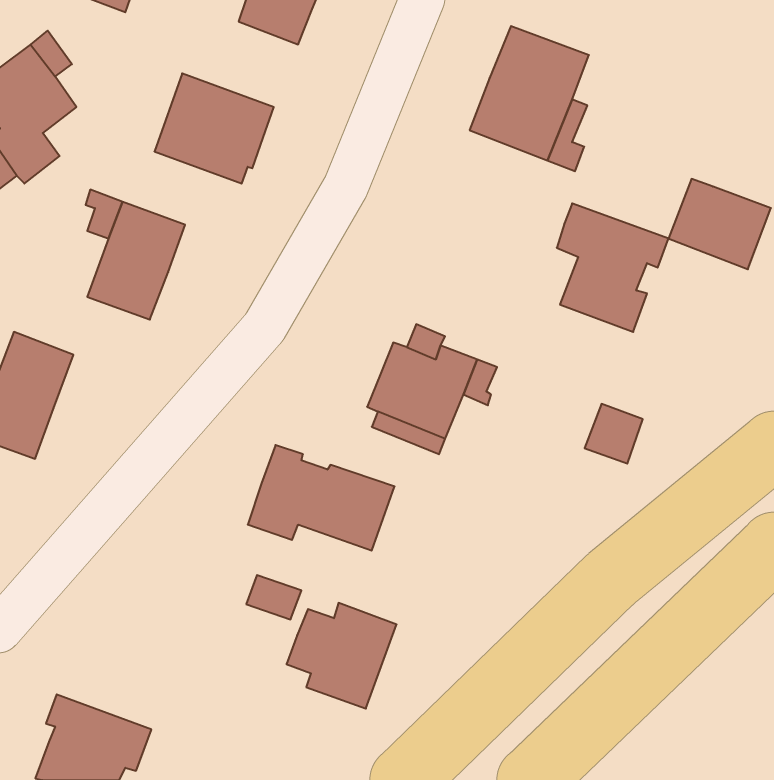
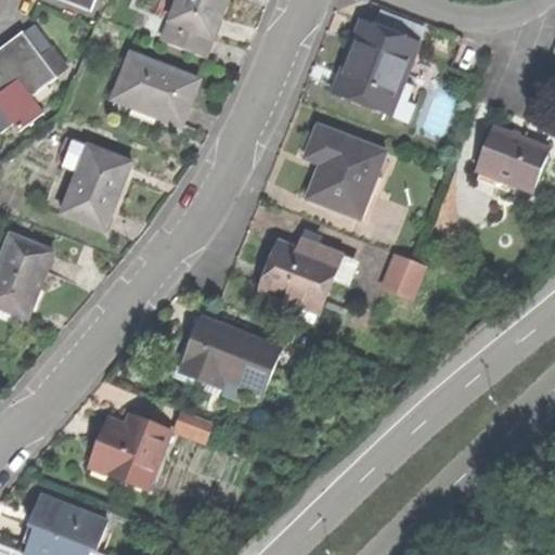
building: none -> [162,15,211,52]
building: [557,203,668,332] -> [306,126,385,217]
building: [585,404,643,464] -> [382,253,423,295]
building: [286,603,397,709] -> [91,412,169,487]

